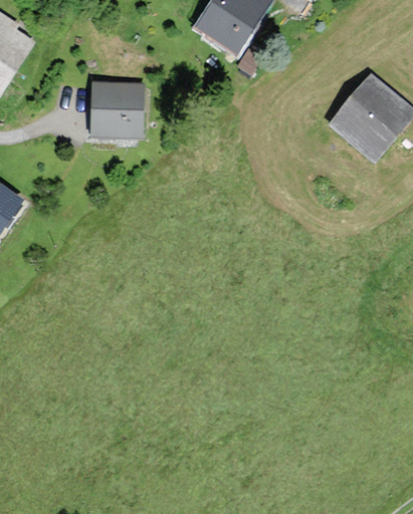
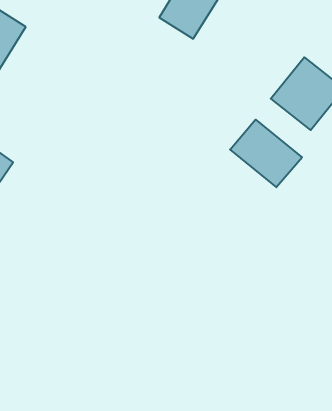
building: [90,81,144,138] -> none
building: none -> [230,120,302,187]

